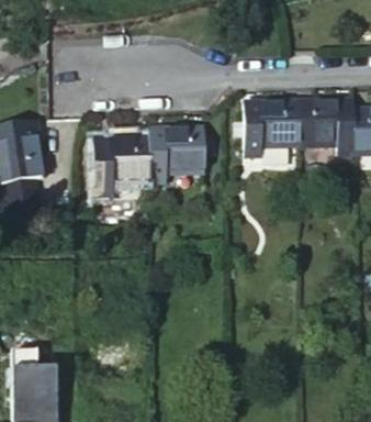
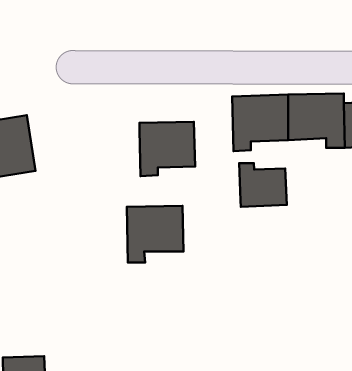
building: [93,136,150,193] -> [127,206,184,262]
building: none -> [239,163,287,207]

